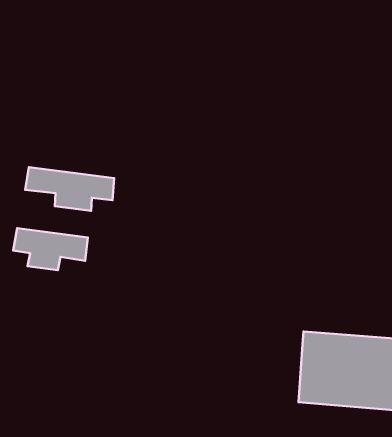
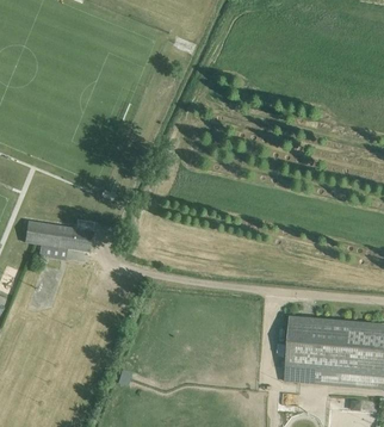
building: [25,167,114,211] -> none

